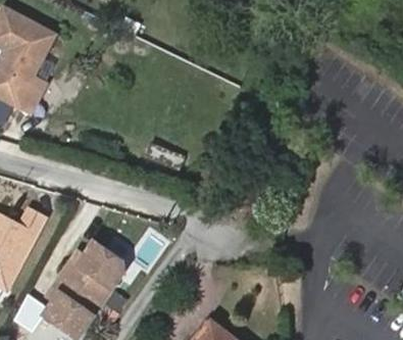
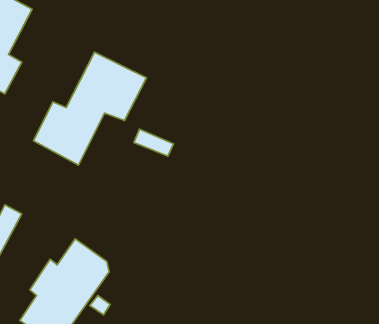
building: none -> [33,52,146,165]

